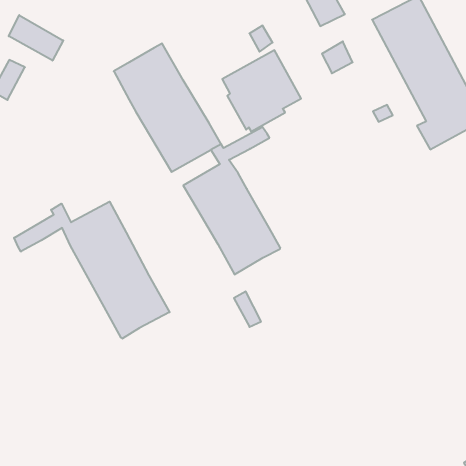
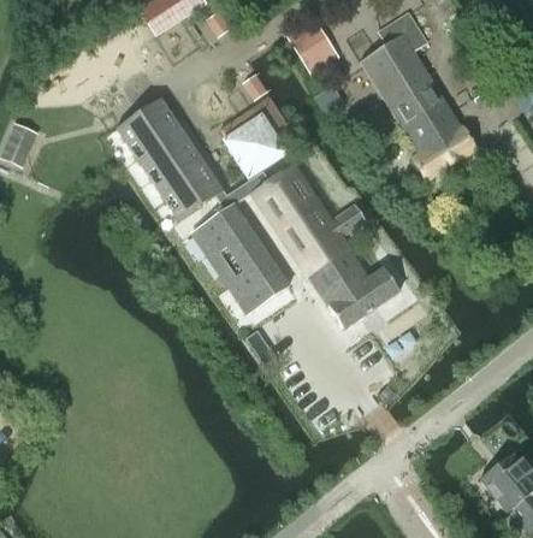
building: [9,15,63,61] -> none
building: none -> [251,165,399,330]
building: [14,202,170,339] -> none

